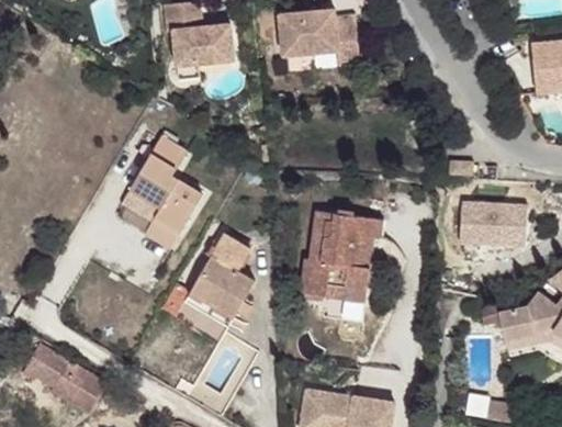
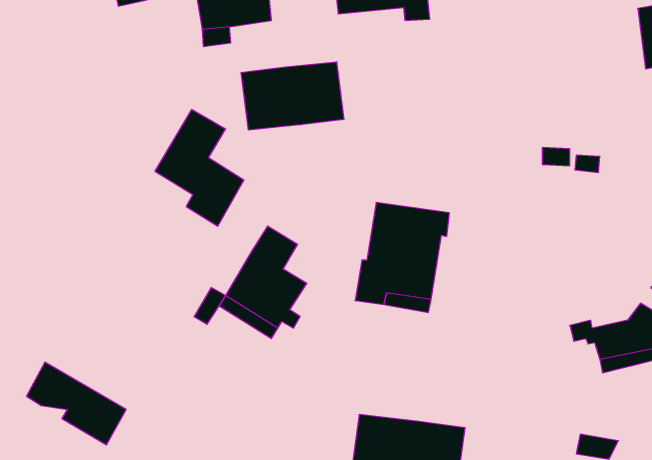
building: none -> [241,62,344,130]
building: [115,183,183,245] -> none
building: [462,205,530,250] -> none

